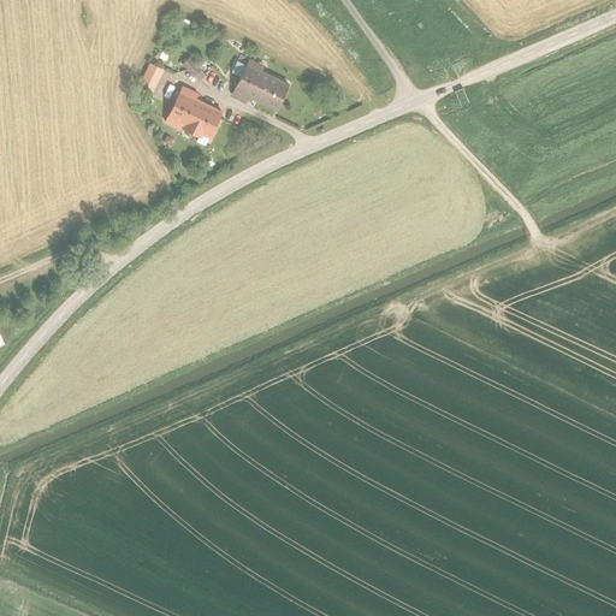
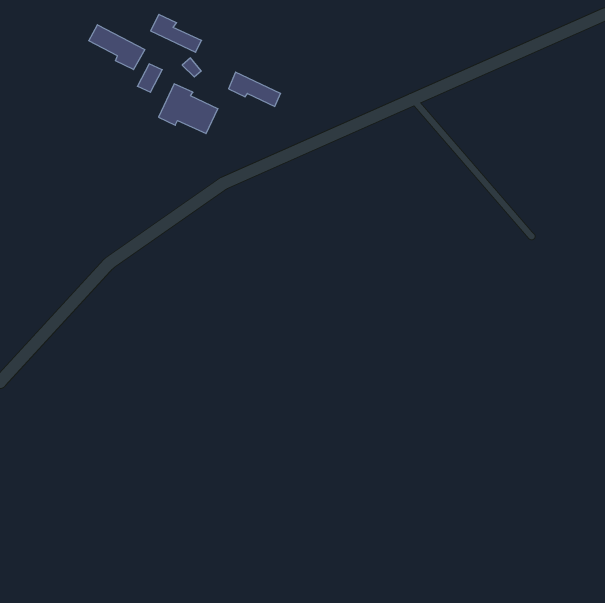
building: none -> [89,25,145,70]
building: [239,58,291,96] -> [151,14,202,52]

